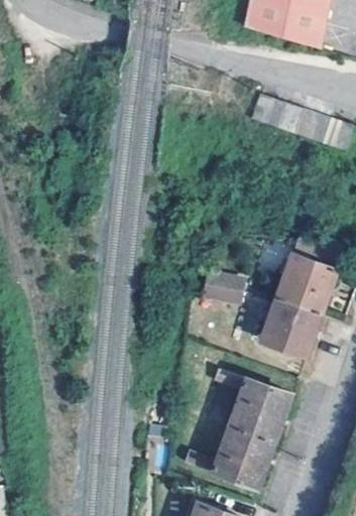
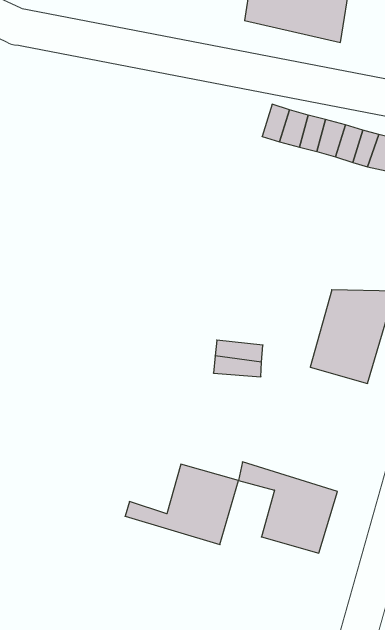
building: [261,297,320,356] -> none
building: [186,425,274,489] -> [125,464,238,545]

